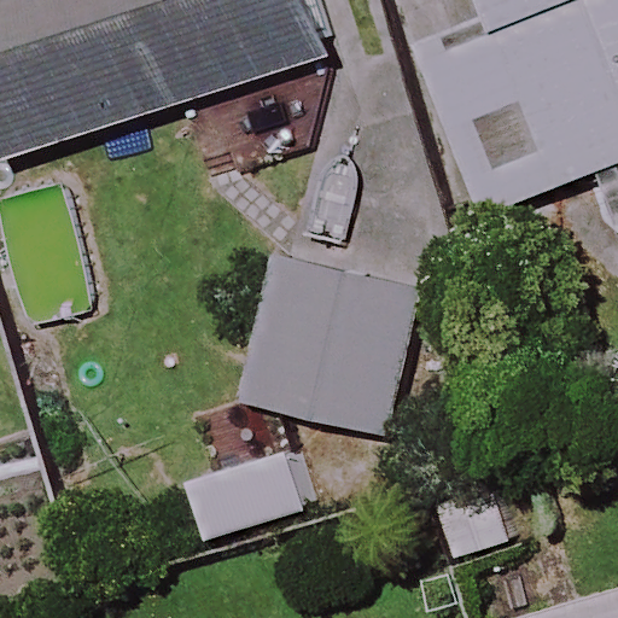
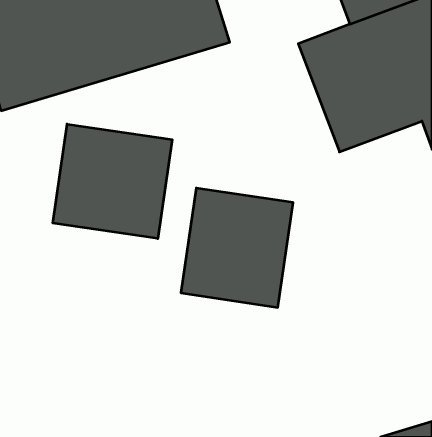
building: none -> [53,124,172,239]

